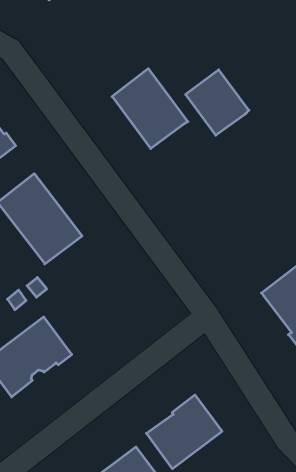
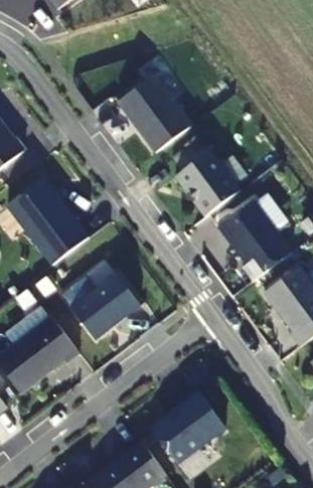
building: [186,70,249,135] -> [176,151,238,214]
building: none -> [216,198,292,281]
building: none -> [70,272,140,338]

